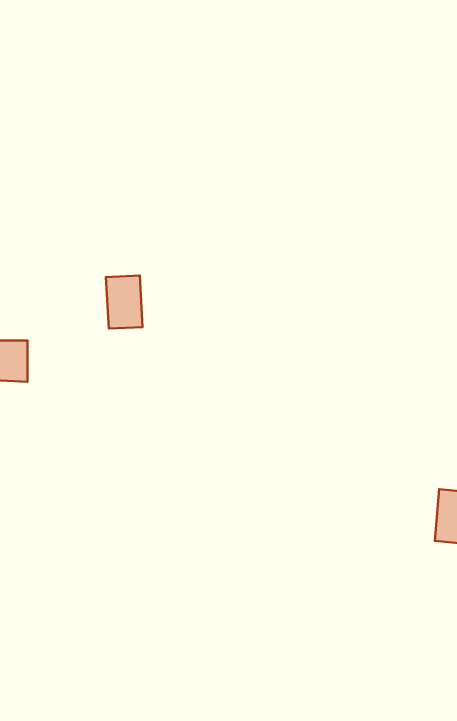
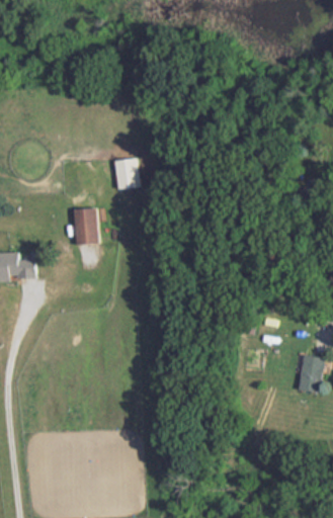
building: none -> [115,159,140,188]

